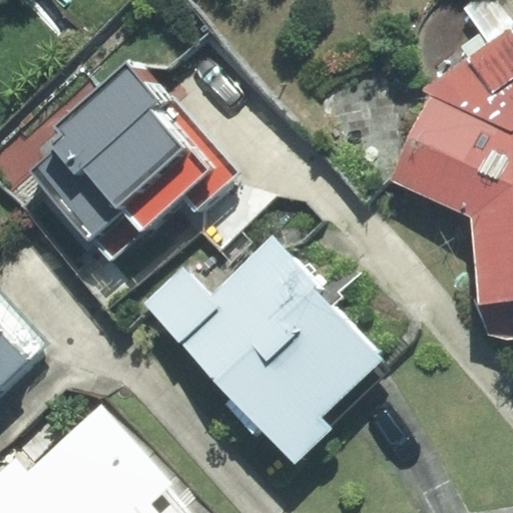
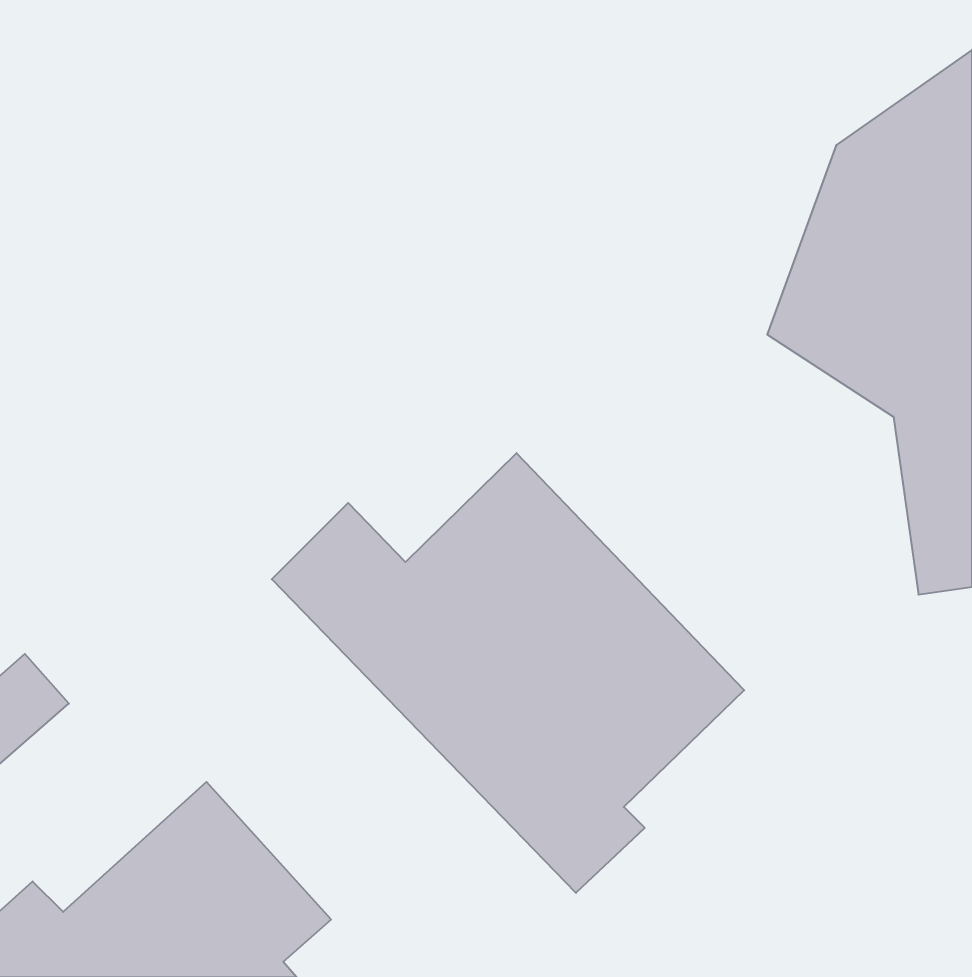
building: [15,58,214,256] -> none

